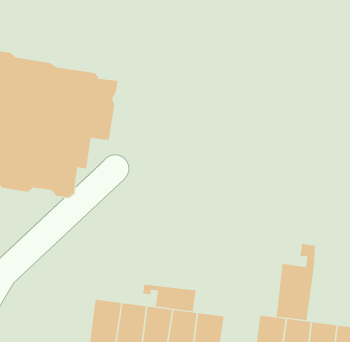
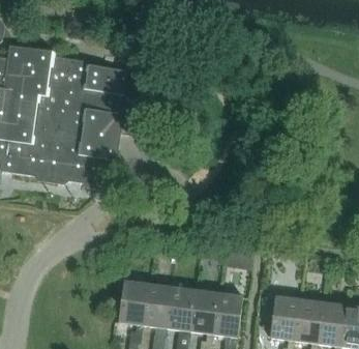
building: [276,243,316,321] -> none
building: [142,284,196,312] -> none

